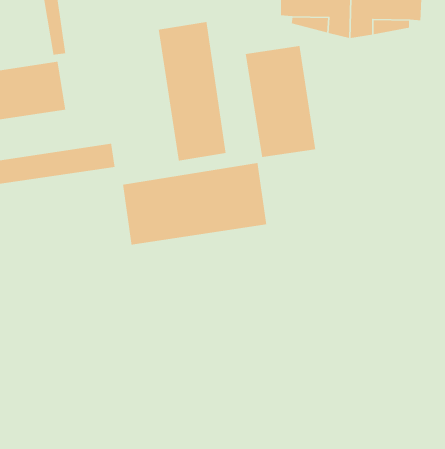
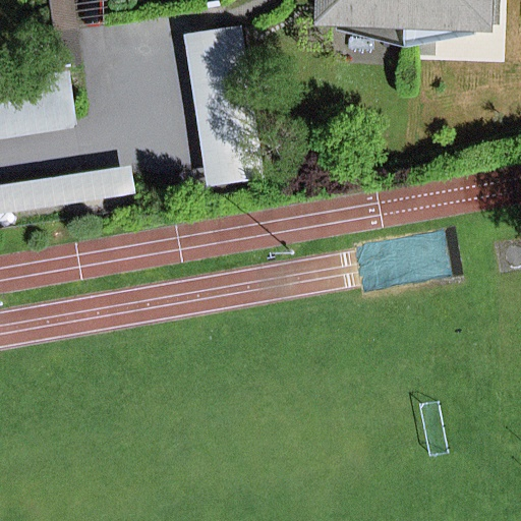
building: [245,45,316,158] -> none
building: [122,162,267,246] -> none

